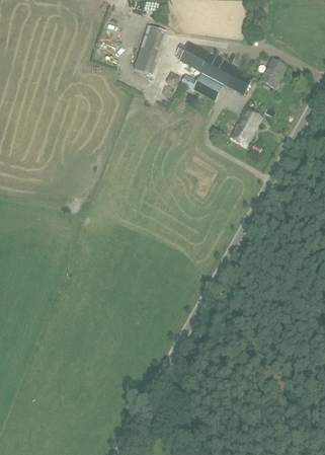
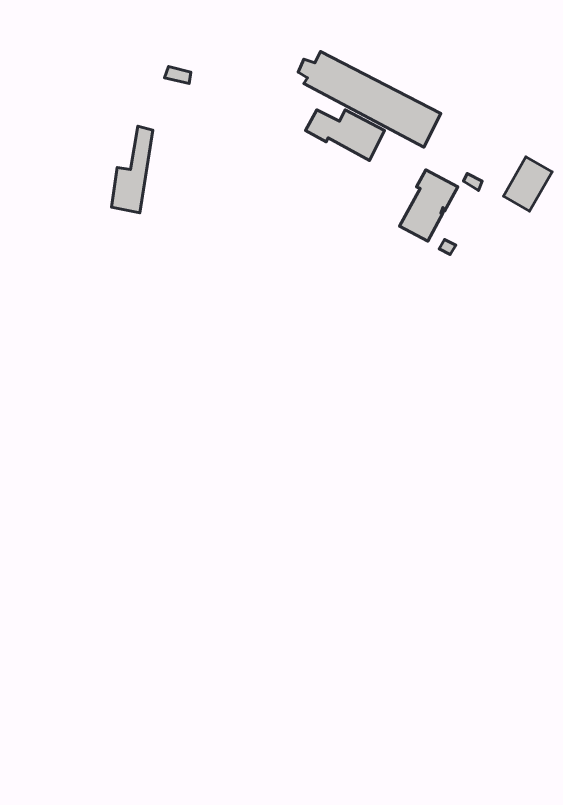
building: [138,25,160,72] -> [112,126,153,213]
building: [259,59,286,88] -> [503,157,552,211]

